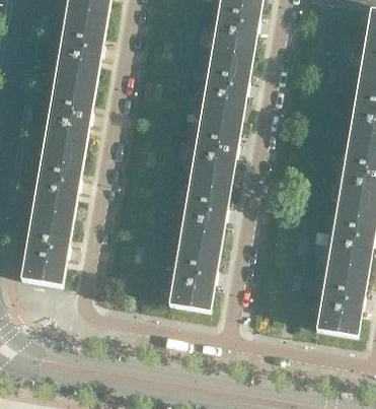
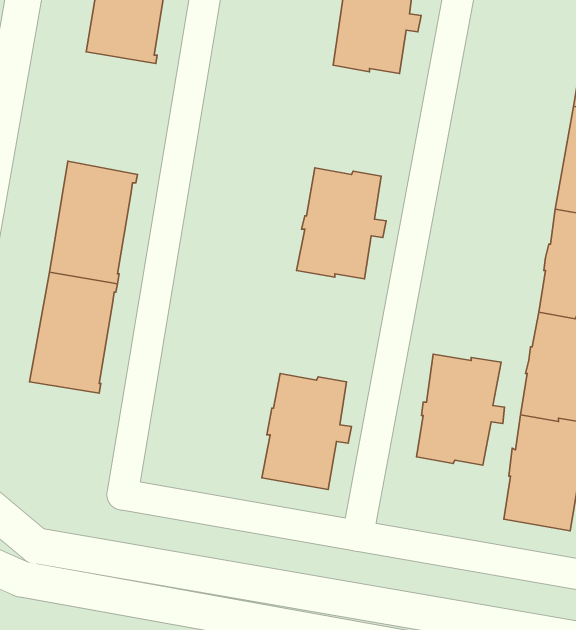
building: [50,44,103,119] -> none
building: [201,52,254,120] -> none
building: [179,178,233,246] -> [417,354,504,465]
building: [21,246,69,286] -> none

